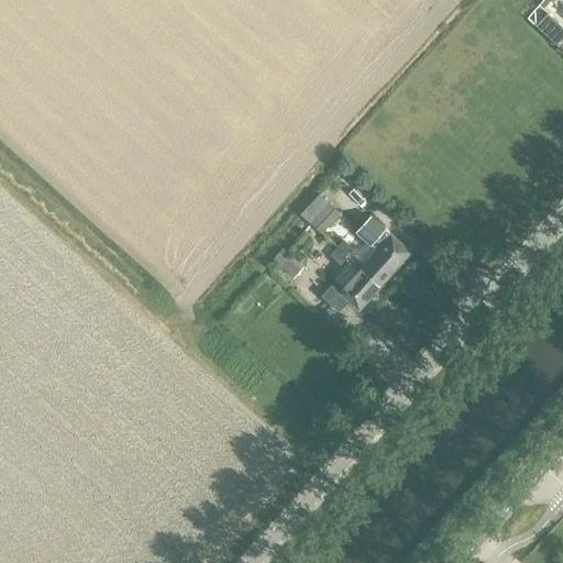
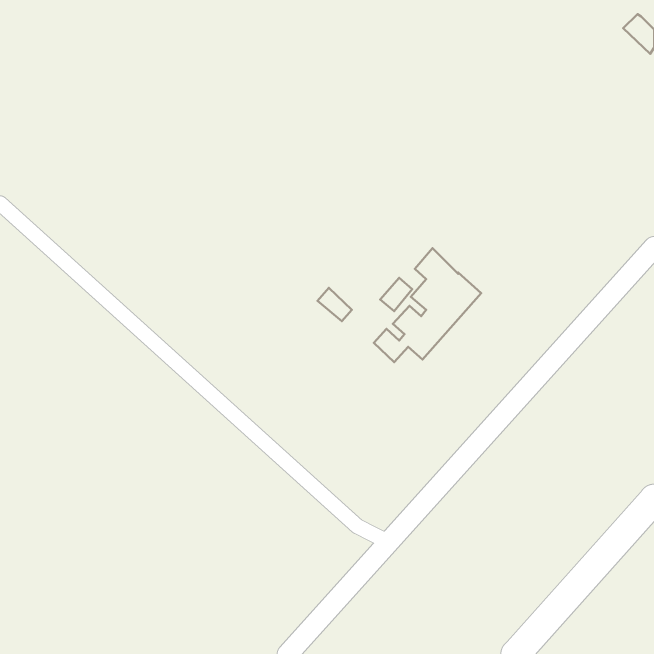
building: [300,194,339,233] -> none

